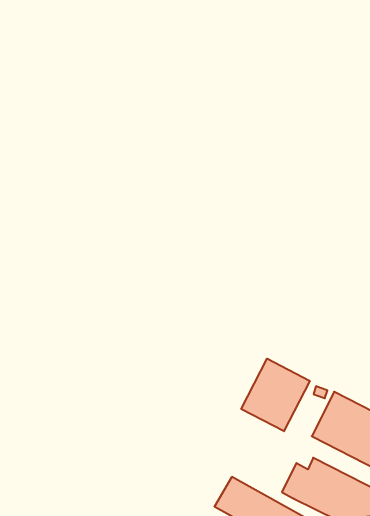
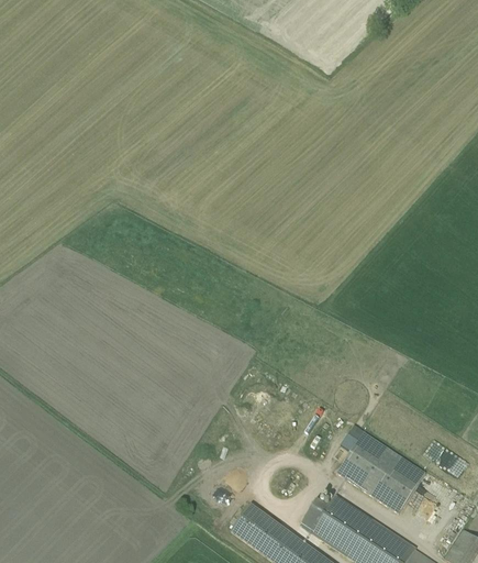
building: [241,359,310,431] -> none

